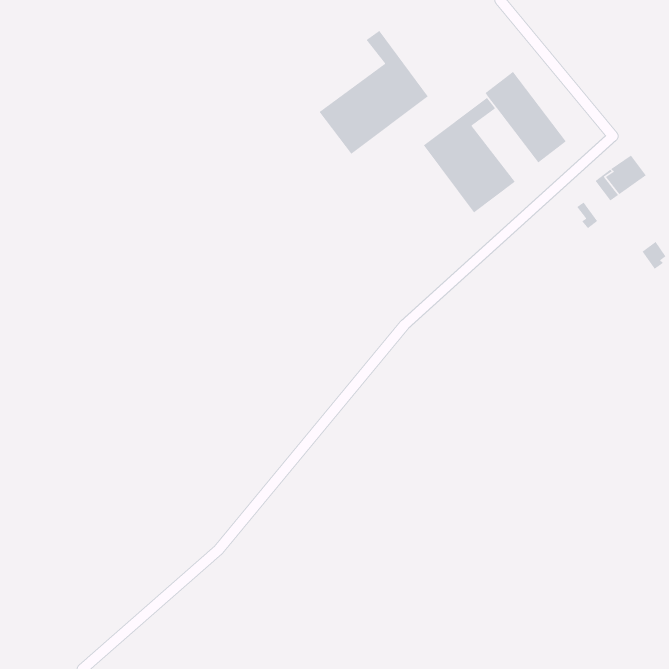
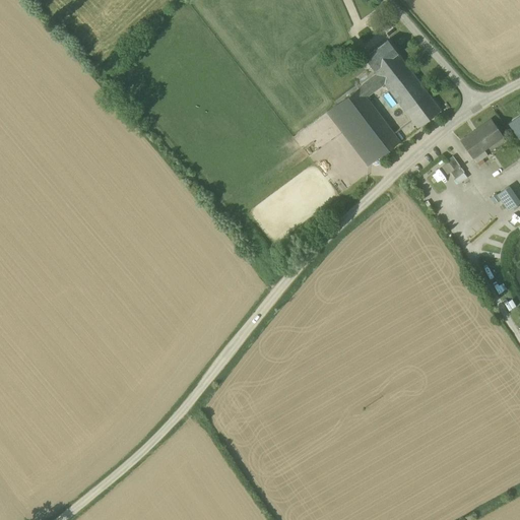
building: [319,30,429,155] -> none
building: none -> [365,41,398,72]

